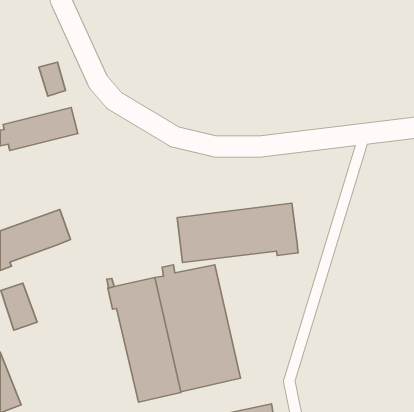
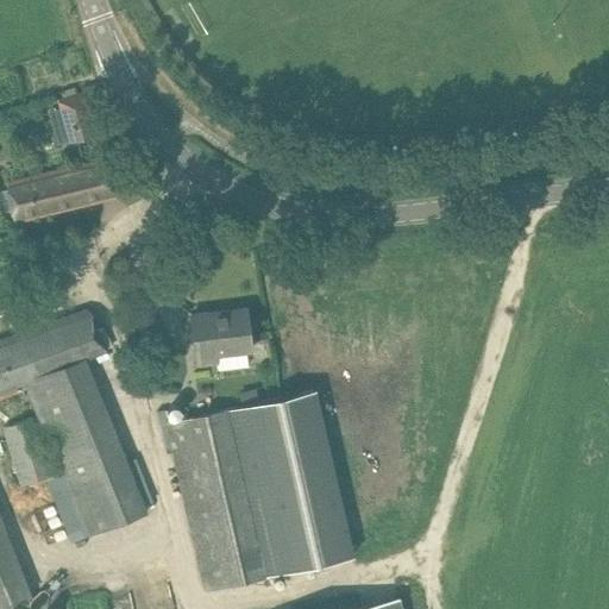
building: [177,203,298,262] -> none
building: none -> [190,310,251,372]
building: none -> [24,362,146,539]

